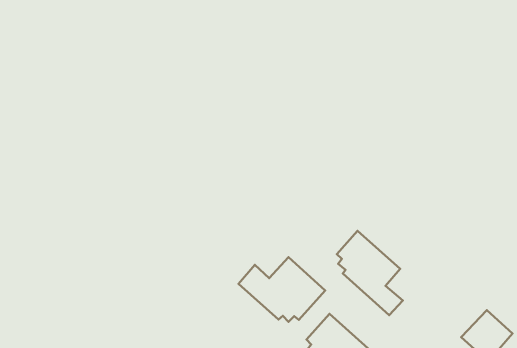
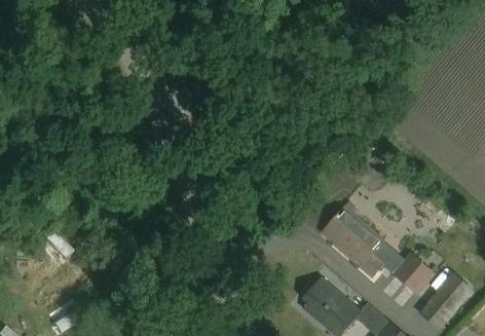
building: [238,257,325,322] -> none
building: none -> [391,253,436,296]

